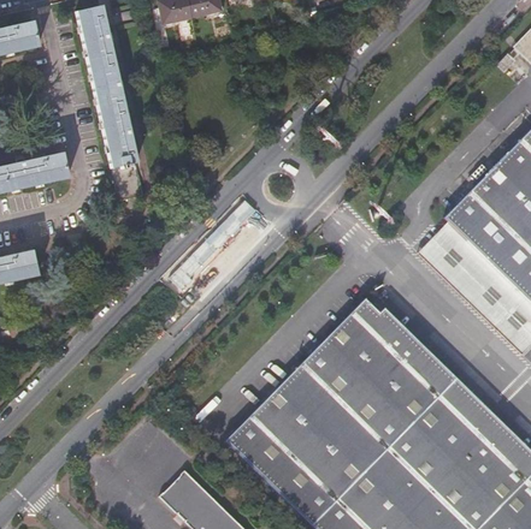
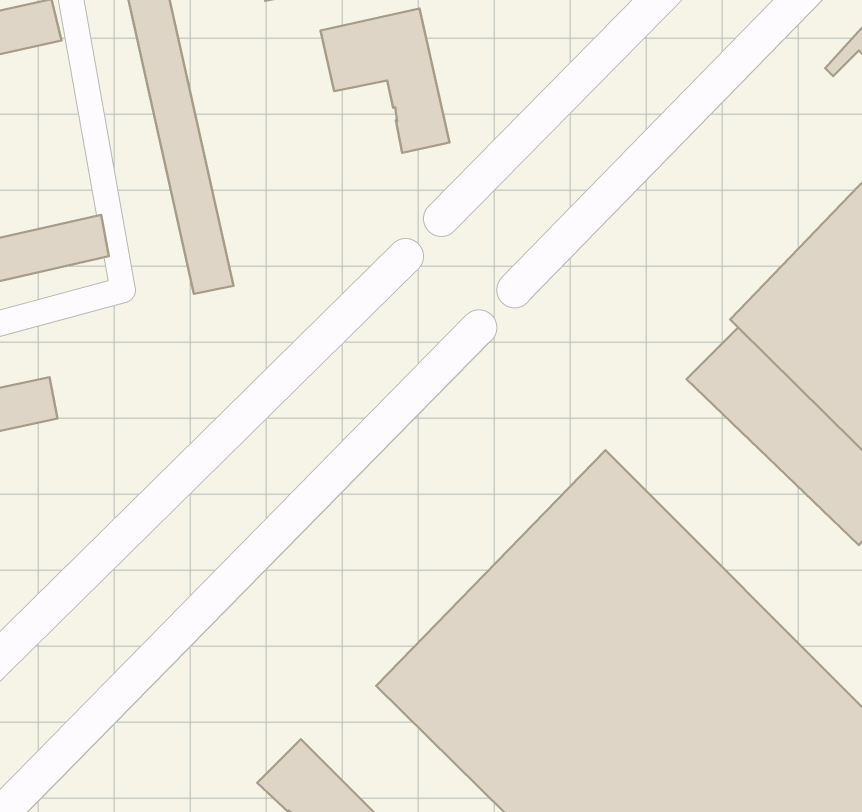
building: none -> [321,8,449,153]

